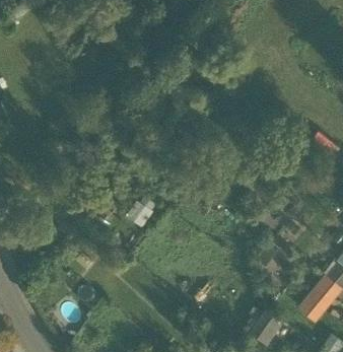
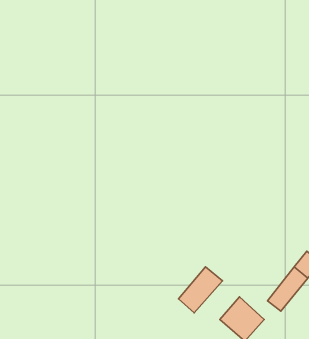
building: none -> [178,267,222,313]

